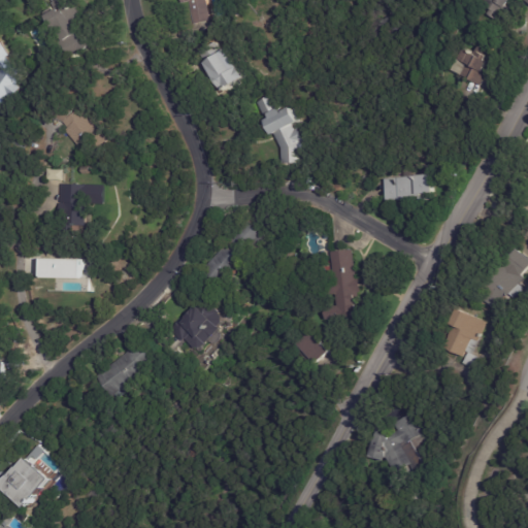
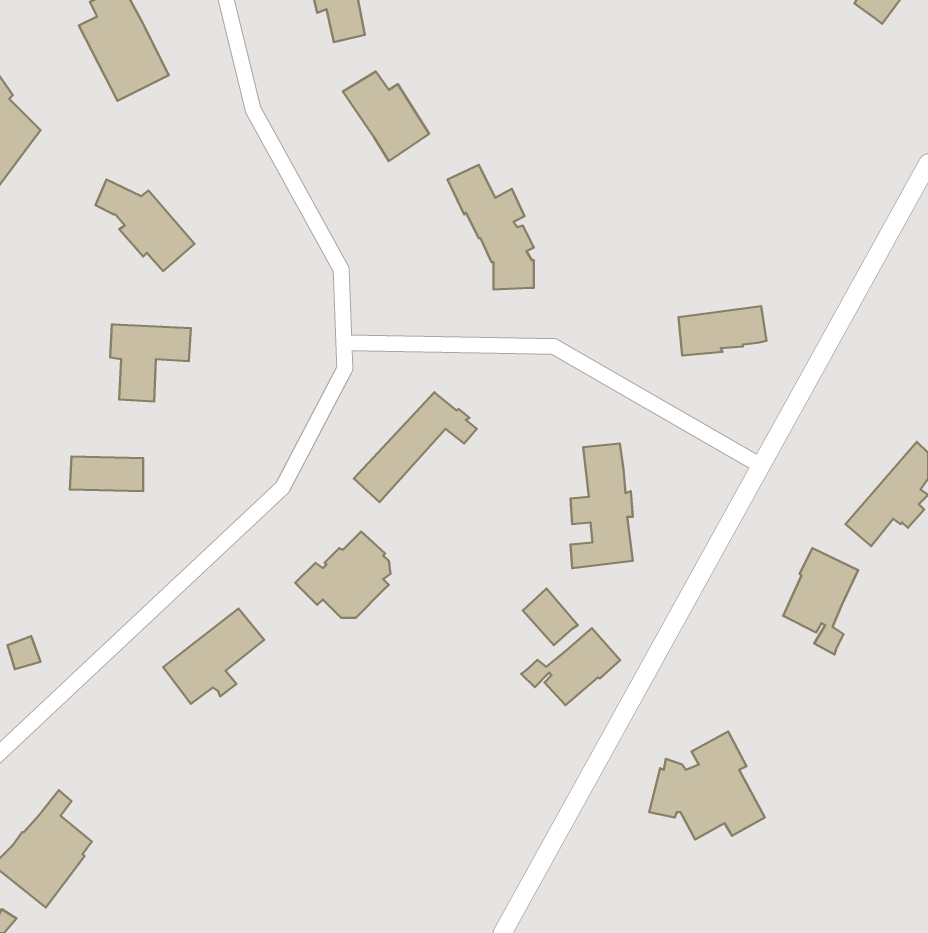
building: [447,46,485,85] -> none
building: none -> [521,628,620,705]

